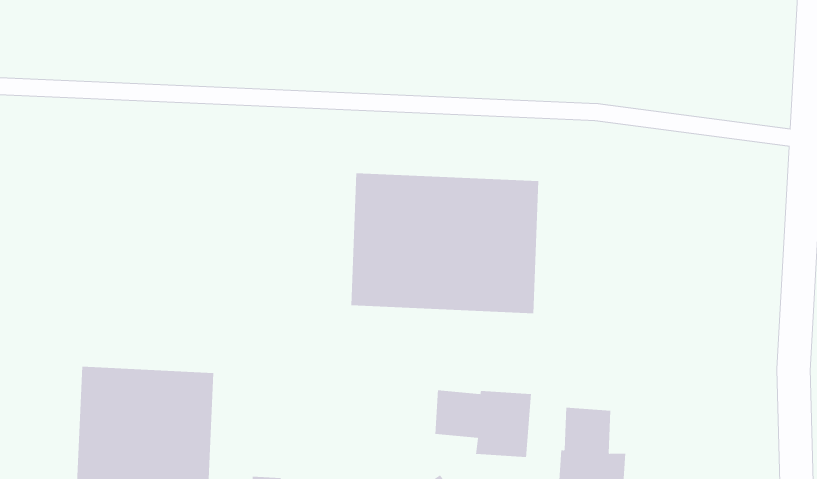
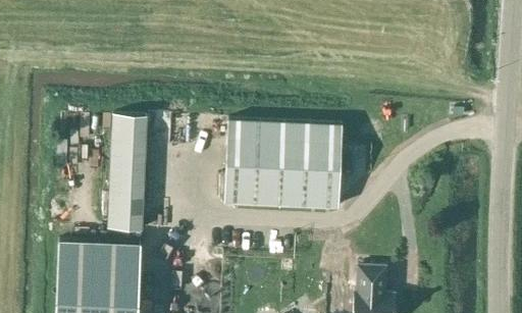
building: none -> [109,114,148,230]
building: [435,390,532,458] -> none

